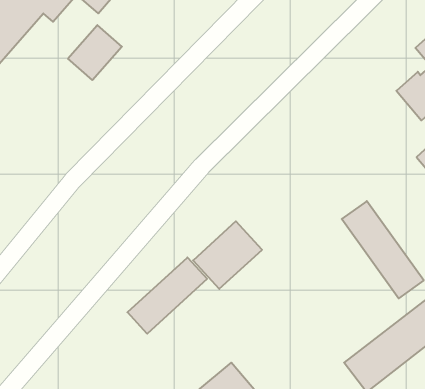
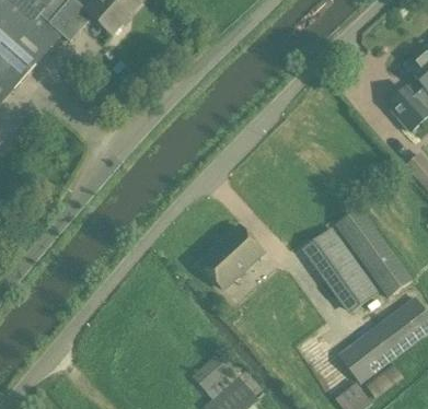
building: [68,25,122,80] -> none
building: none -> [304,226,378,311]
building: [127,257,207,334] -> none

